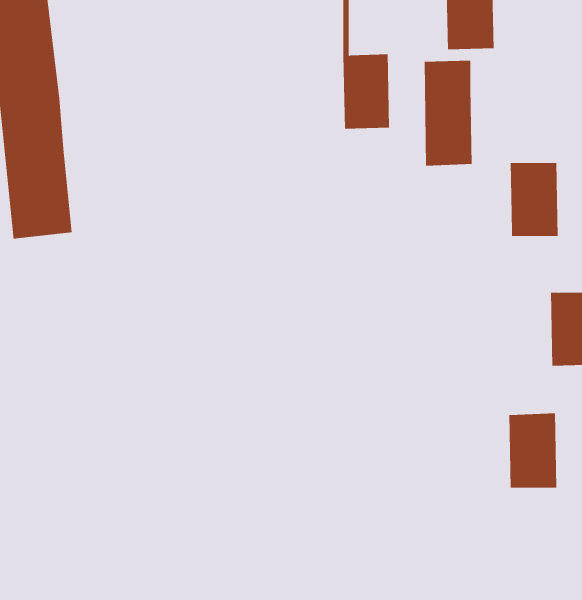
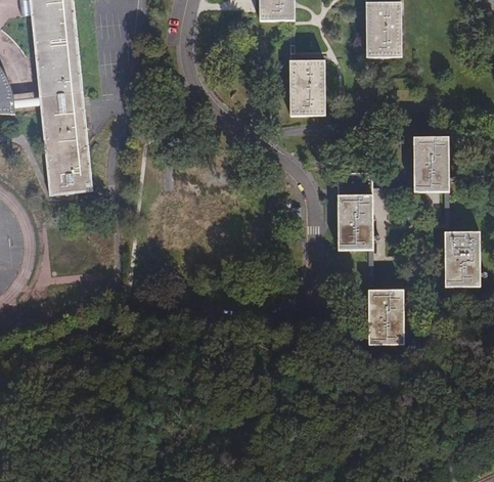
building: [424,60,473,166] -> [336,173,372,251]
building: [508,413,557,488] -> [367,290,403,345]

